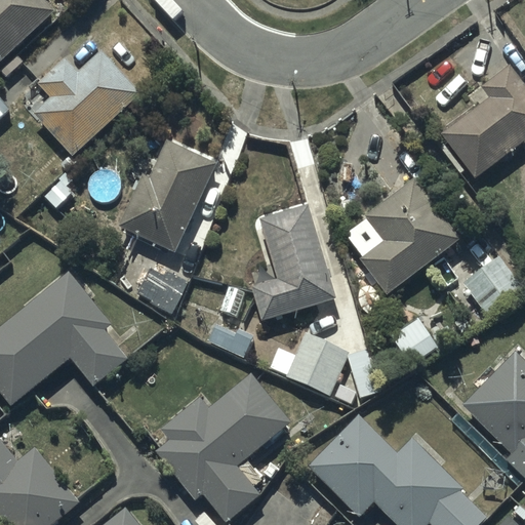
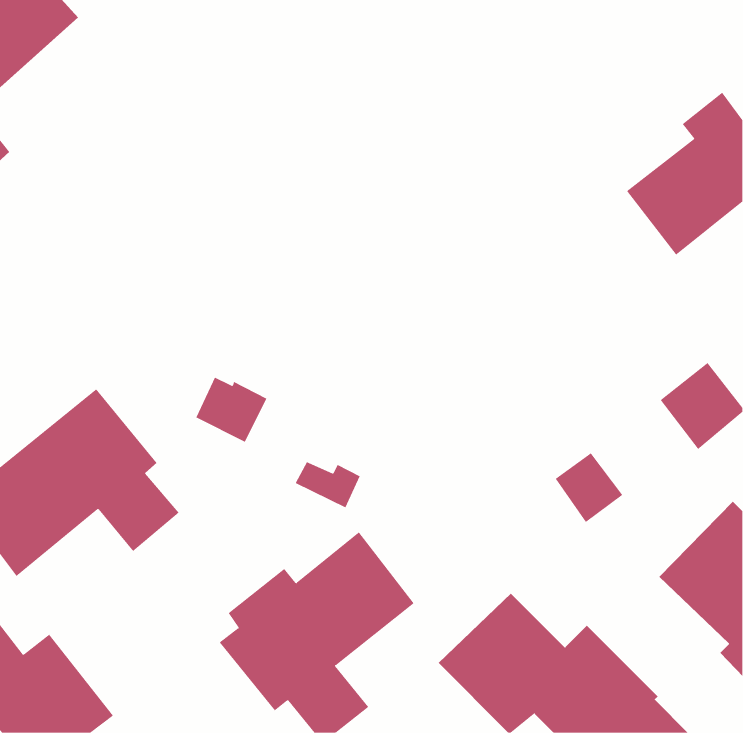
building: [34,52,140,156] -> none
building: [120,142,215,251] -> none
building: [360,181,459,295] -> none
building: [251,205,336,321] -> none
building: [269,331,350,396] -> none

